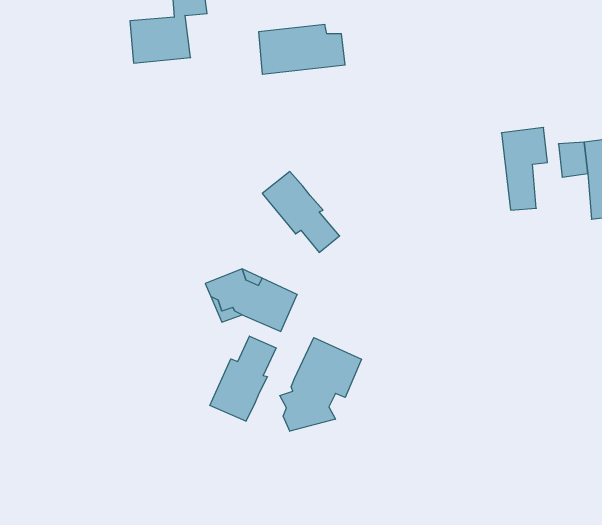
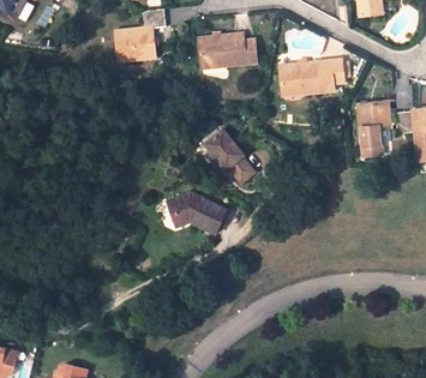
building: none -> [281,61,349,92]
building: [210,336,276,421] -> none
building: [280,338,361,431] -> none

